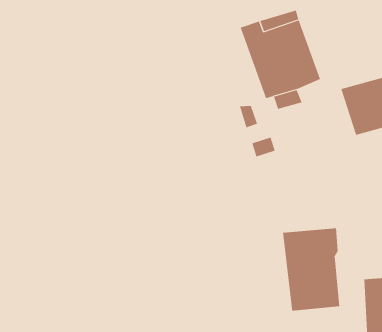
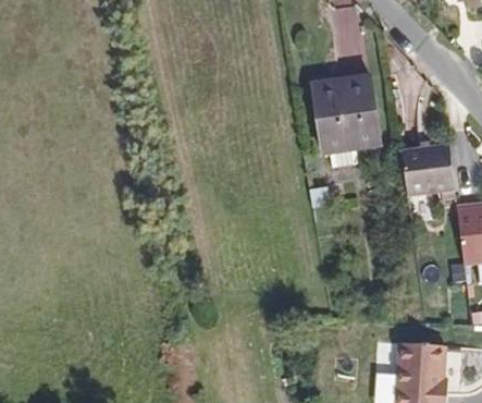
building: [283,228,340,311] -> none

